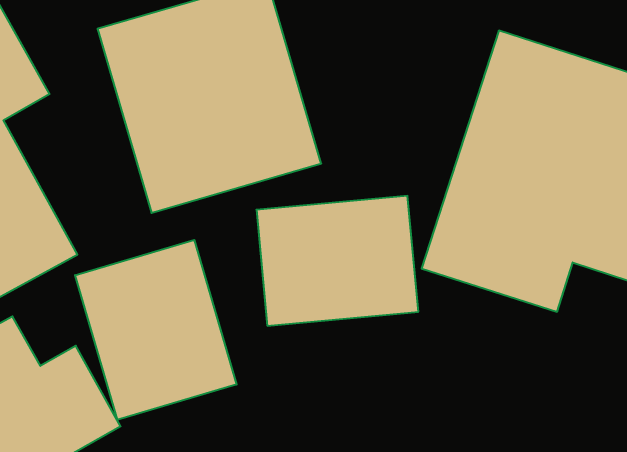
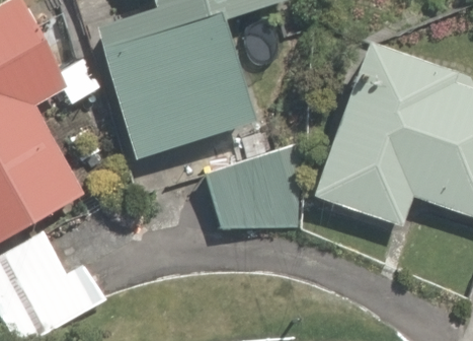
building: [75,240,237,420] -> none

